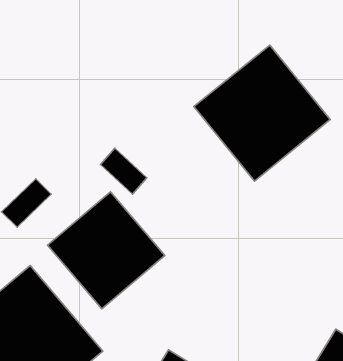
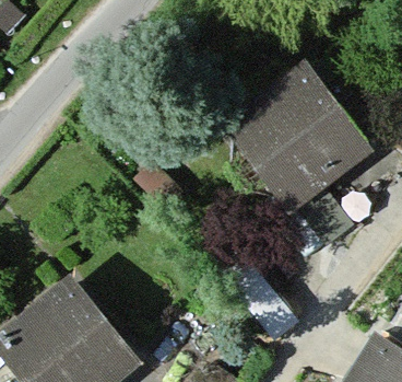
building: [48,192,165,309] -> none

